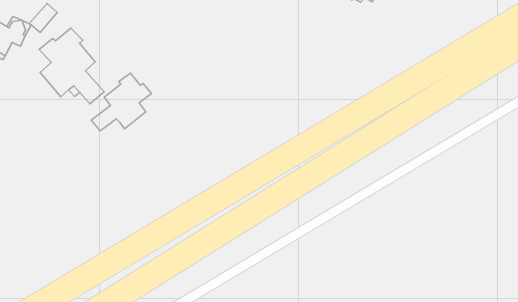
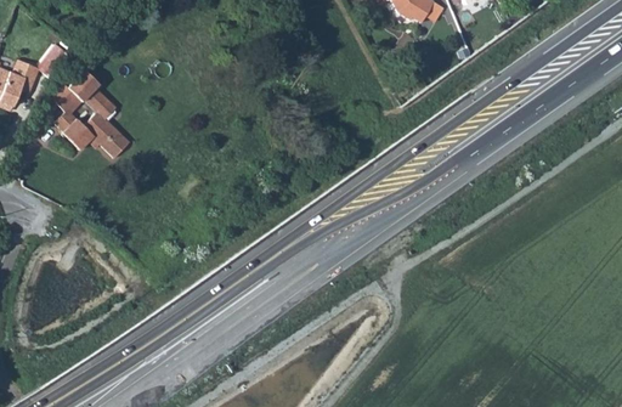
building: [91,73,151,131] -> none

